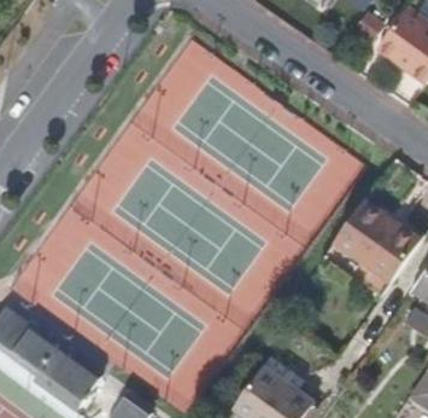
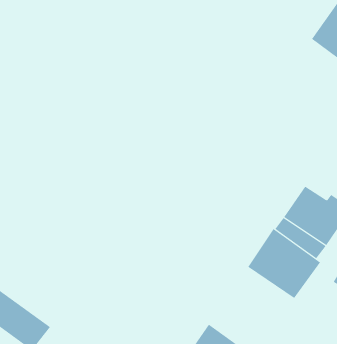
building: none -> [248,228,321,299]

